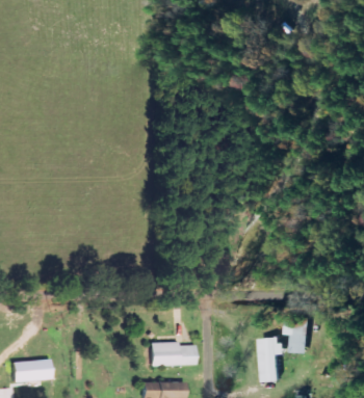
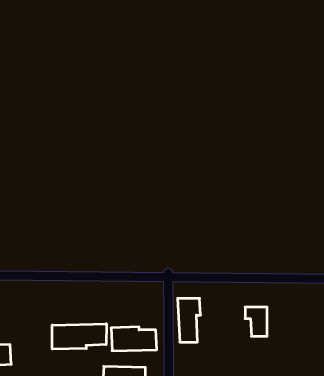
building: [259,338,282,381] -> [178,298,201,342]
building: none -> [52,324,106,349]

